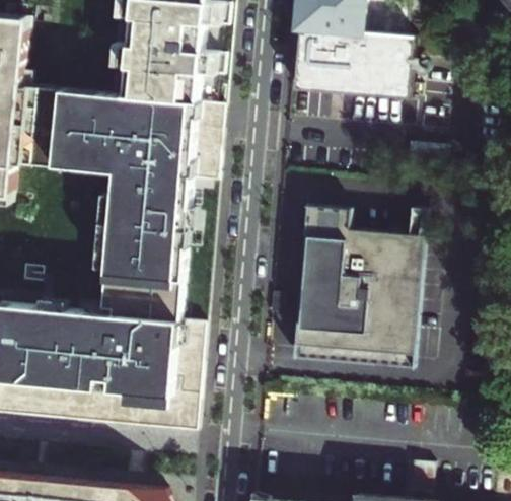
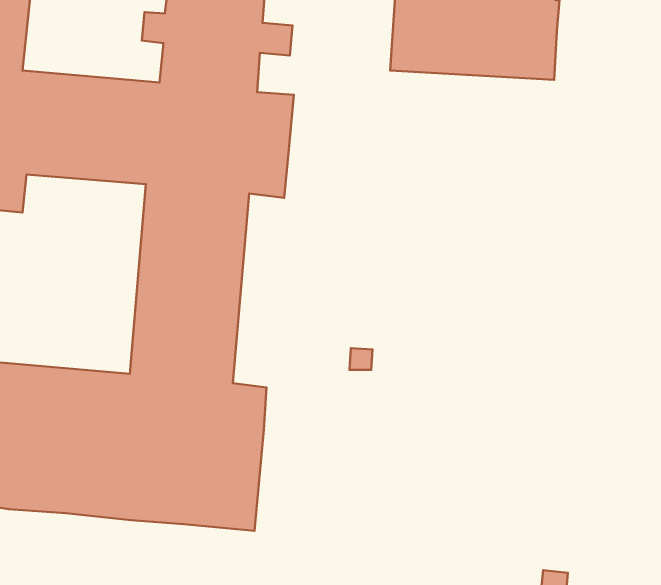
building: [294,204,425,365] -> none

